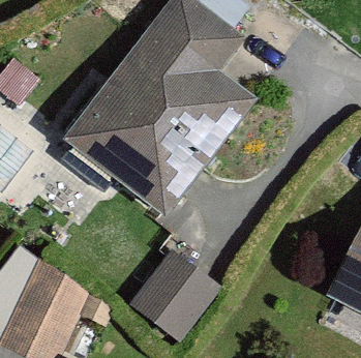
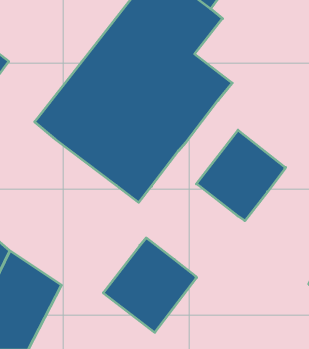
building: none -> [196,130,286,221]

